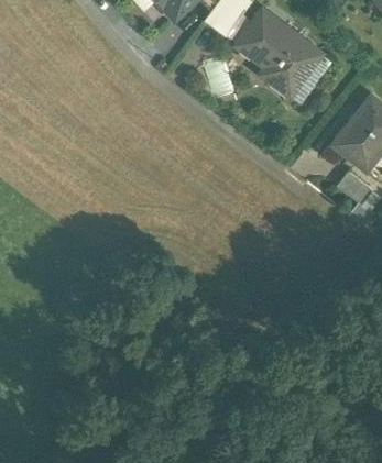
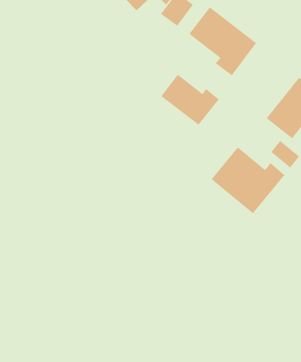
building: none -> [161,74,219,126]
building: none -> [211,146,285,214]

